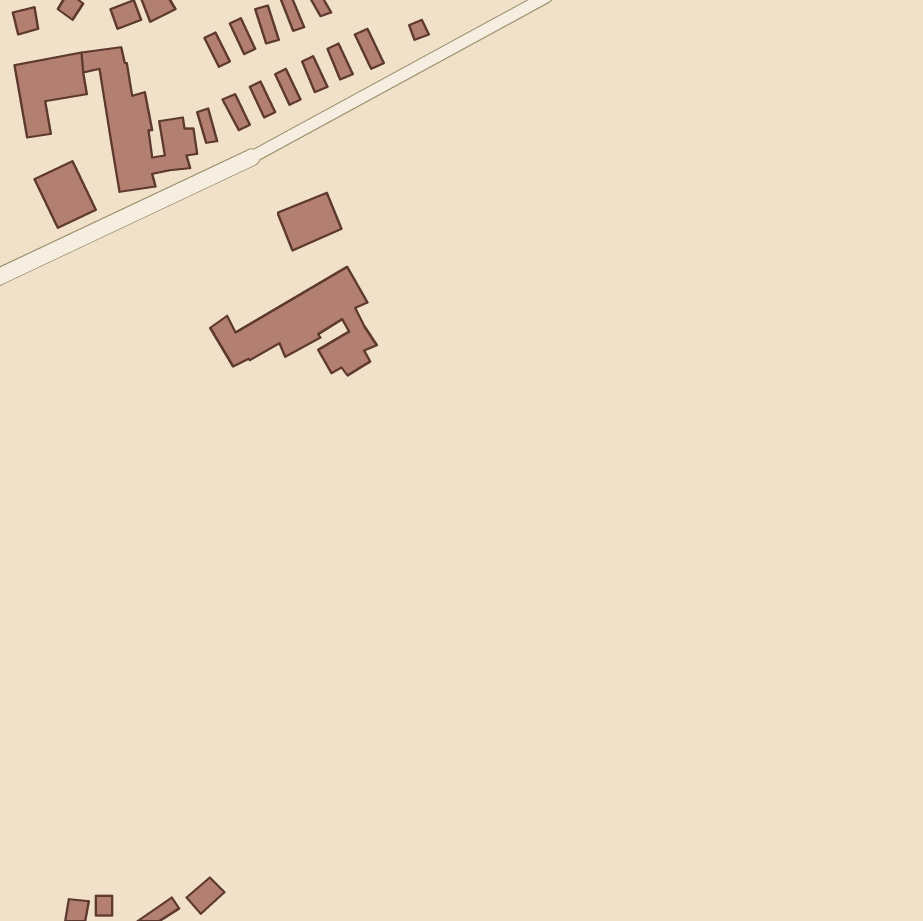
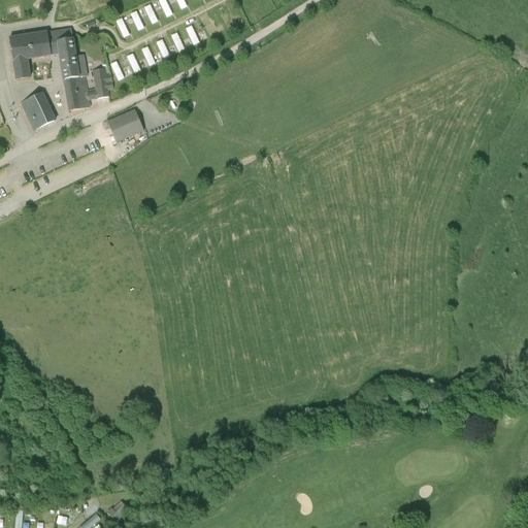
building: [278,193,341,251] -> [106,108,142,141]
building: [210,267,377,375] -> none

